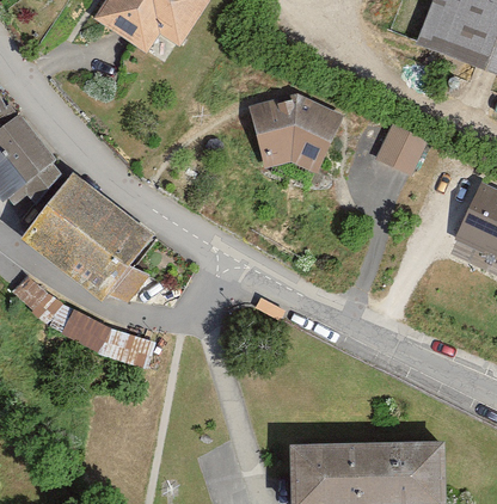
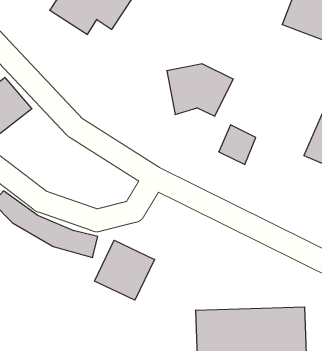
building: [378,124,430,180] -> [219,125,256,164]
building: [24,173,154,299] -> none
building: none -> [95,240,155,300]

